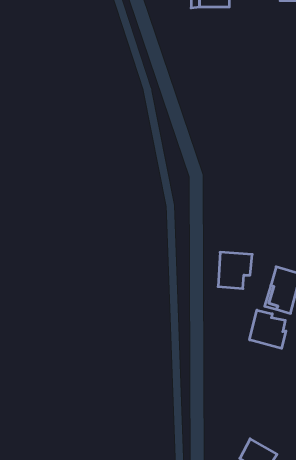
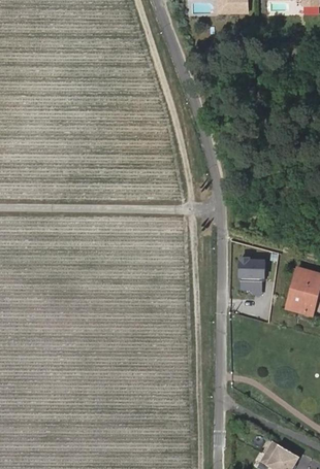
building: [250,310,286,348] -> none

